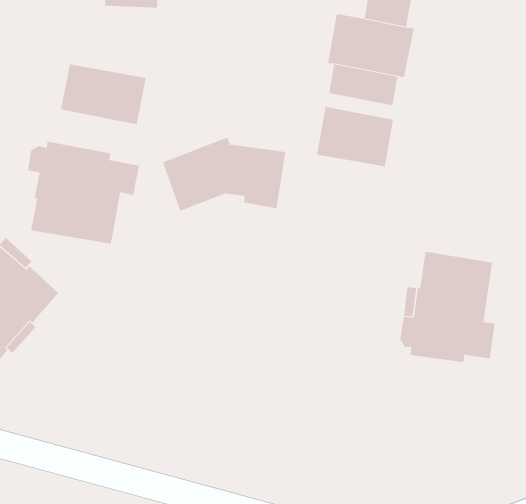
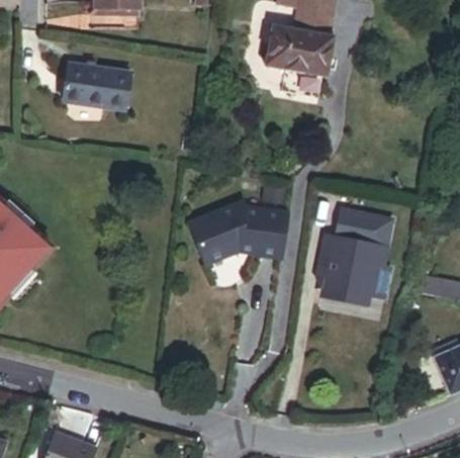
building: [316,106,394,167] -> none
building: [162,137,286,211] -> [189,207,288,267]
building: [27,141,139,245] -> none

